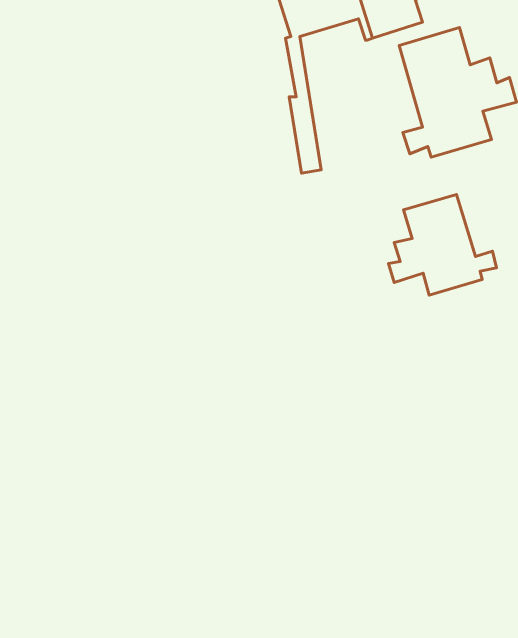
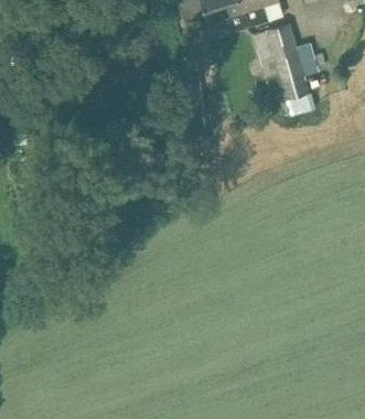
building: [388,194,497,295] -> none

